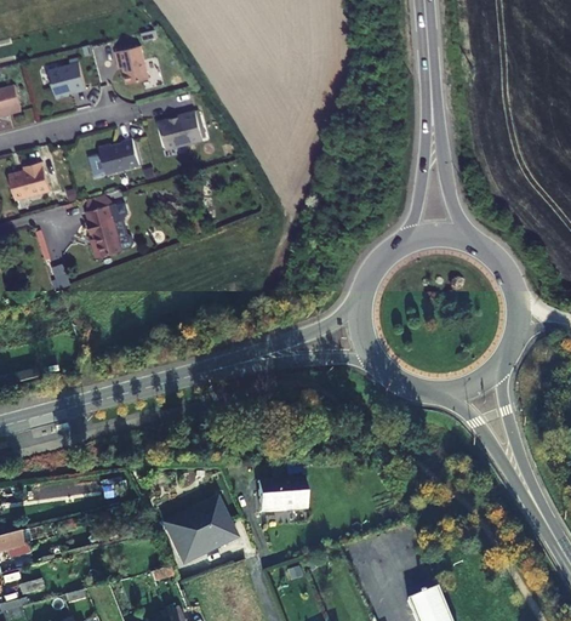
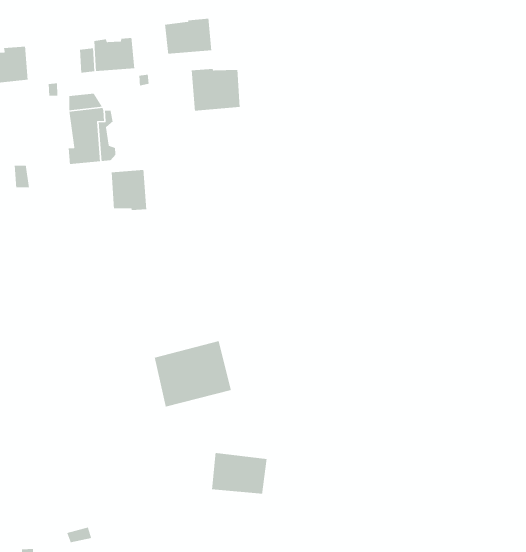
building: none -> [191,68,241,112]
building: none -> [111,169,147,211]
building: [167,497,239,563] -> [154,340,232,407]

